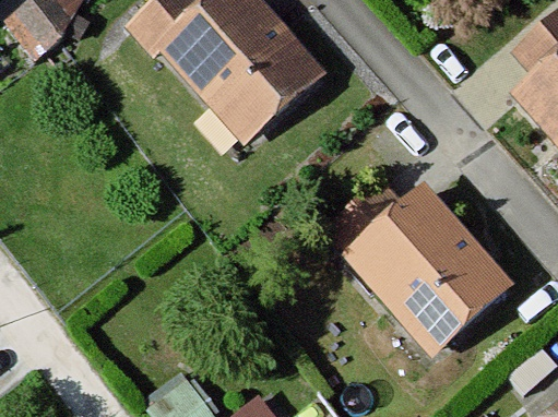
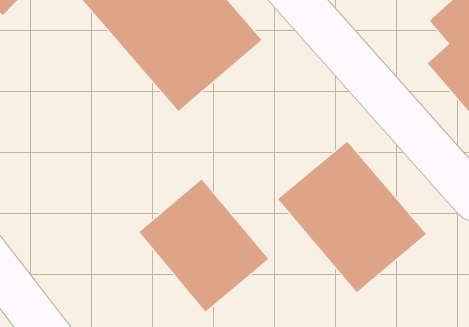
building: none -> [139,178,269,312]

